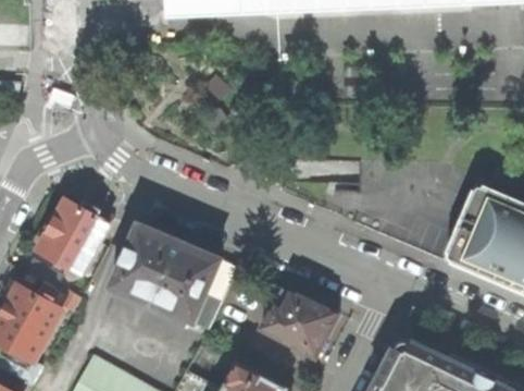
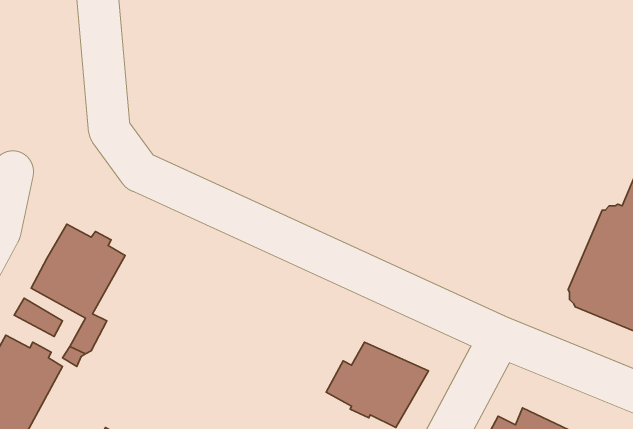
building: [112,224,236,330] -> none

